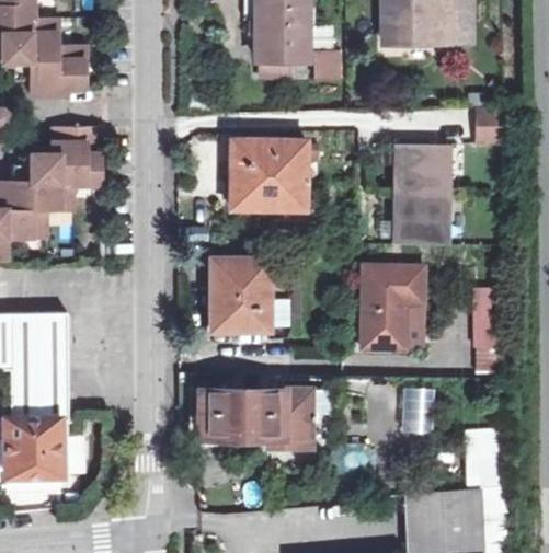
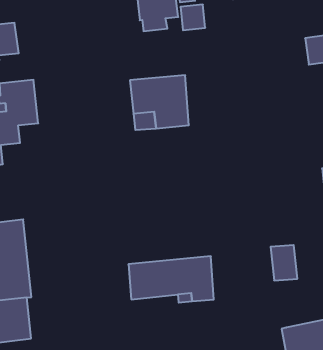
building: [392,146,451,246] -> none
building: [211,260,288,331] -> none
building: [362,265,422,347] -> none

